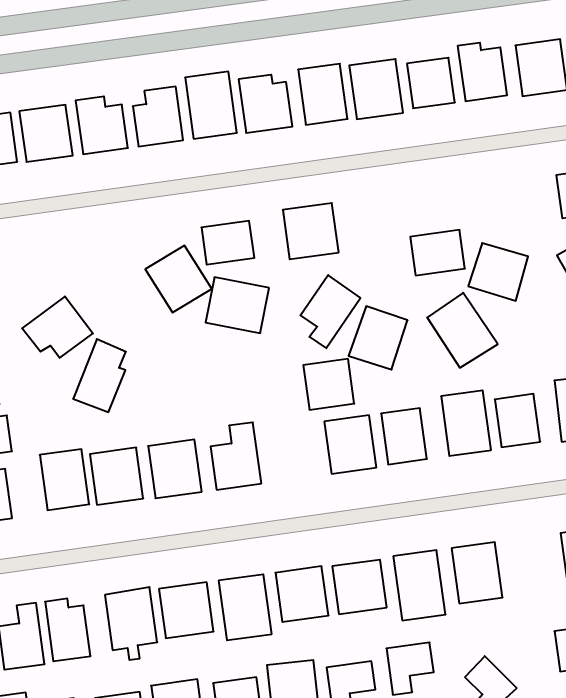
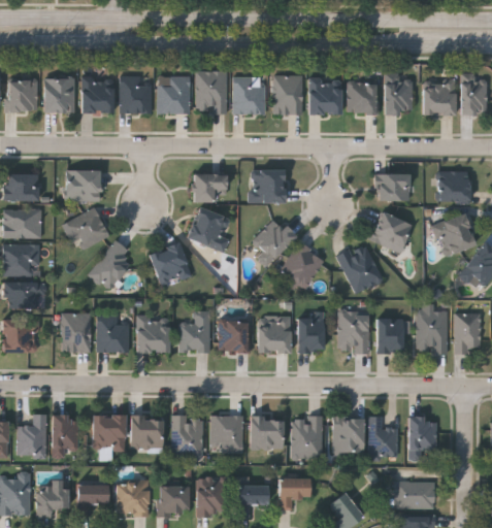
building: [410,230,465,275] -> [374,173,408,200]
building: none -> [66,169,100,200]
building: [145,246,212,313] -> [149,242,192,287]
building: [303,359,354,410] -> [218,321,249,352]
building: none -> [368,416,397,459]

